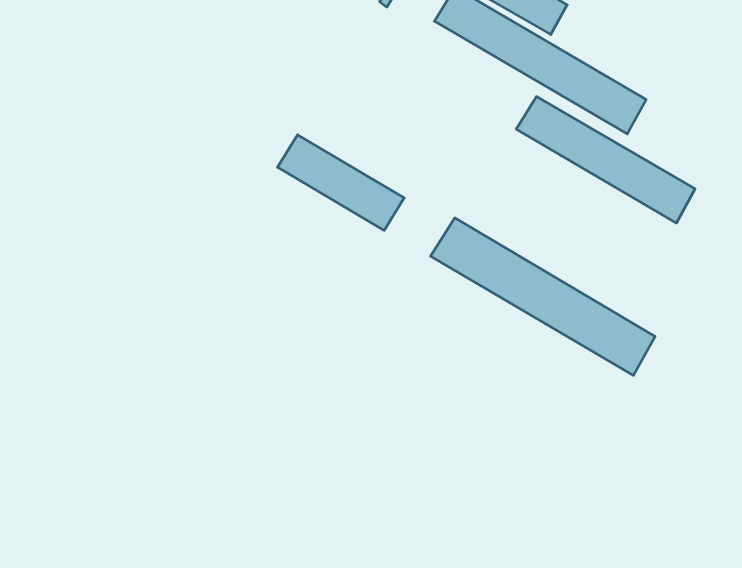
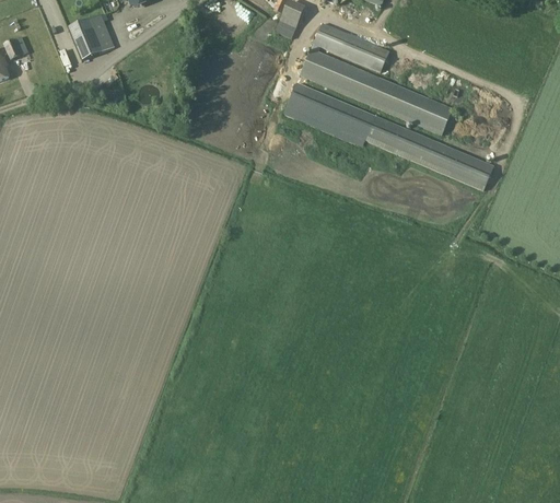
building: [277,135,404,230] -> [287,82,376,140]
building: [431,218,655,375] -> none

